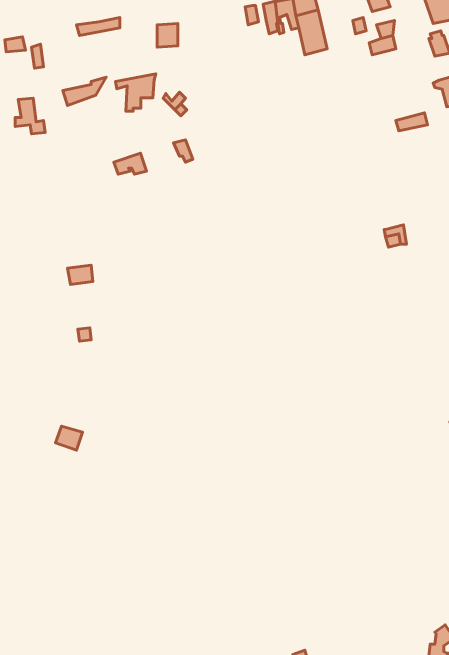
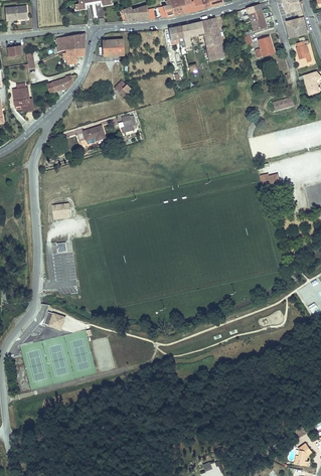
building: [115,74,156,111] -> [57,41,85,66]

